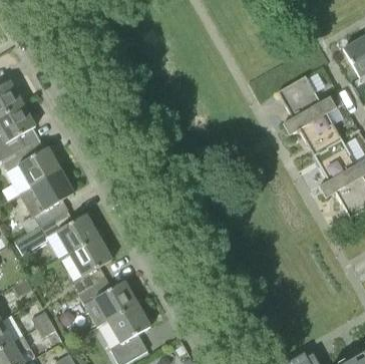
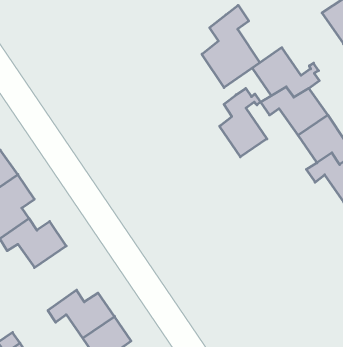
building: none -> [202,5,260,88]
building: none -> [220,88,267,157]
building: [68,237,111,293] -> none

